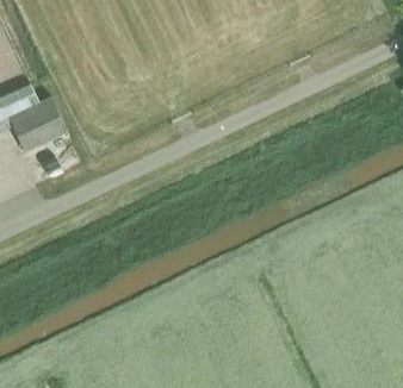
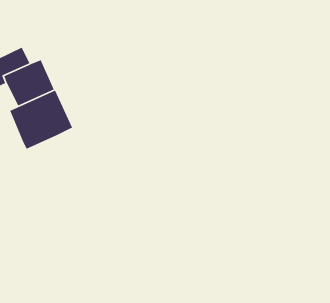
building: none -> [9,89,73,150]

